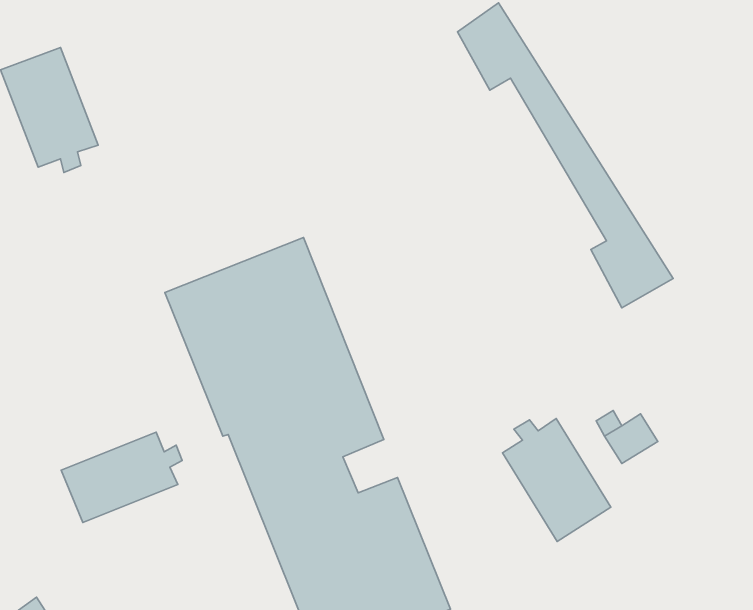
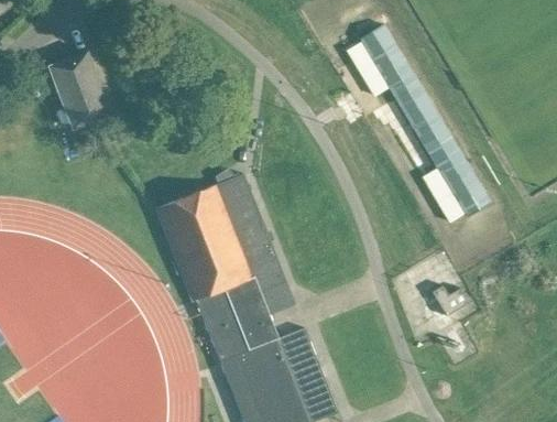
building: [502,419,611,541] -> none
building: [61,432,182,522] -> none

